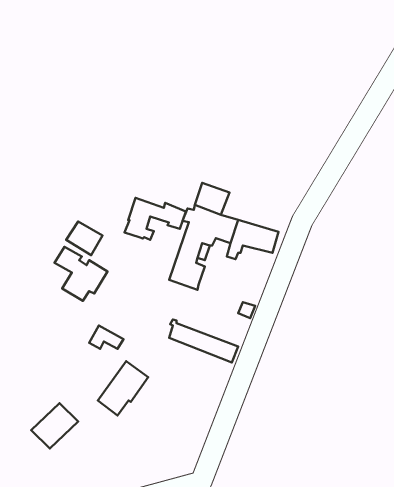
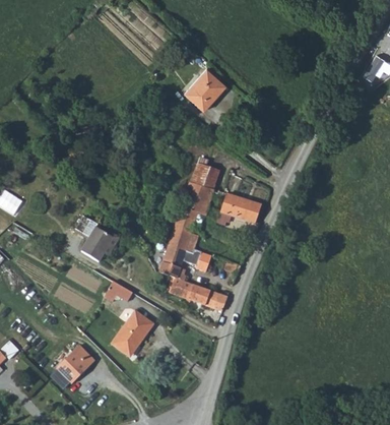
building: none -> [184,67,222,110]
building: [124,198,186,240] -> [160,243,211,278]
building: [66,221,102,255] -> none

